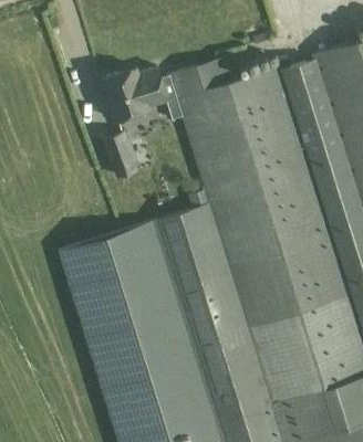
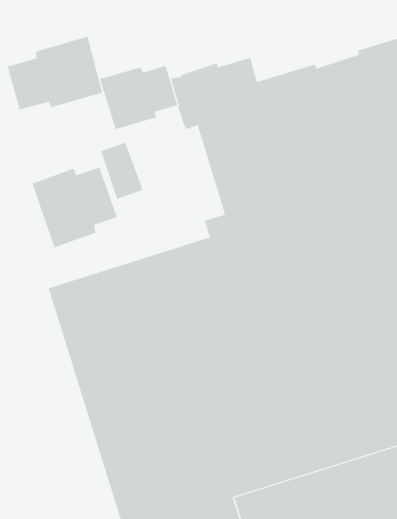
building: none -> [7,36,103,111]
building: none -> [32,166,118,248]

